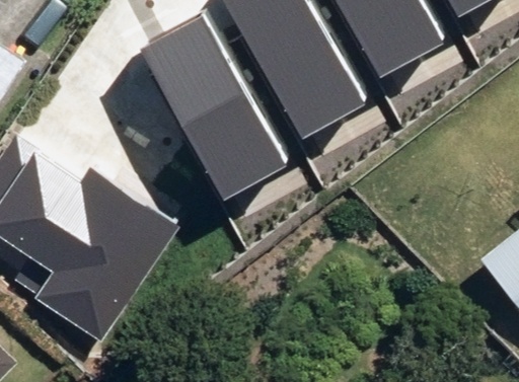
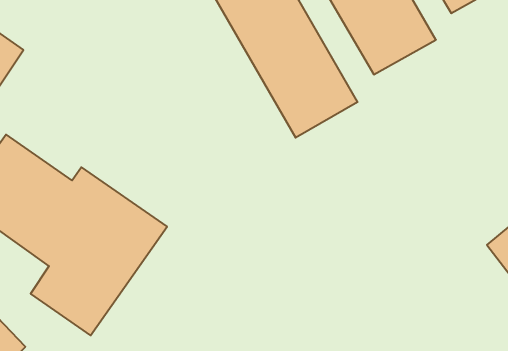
building: [138,17,286,202] -> none

